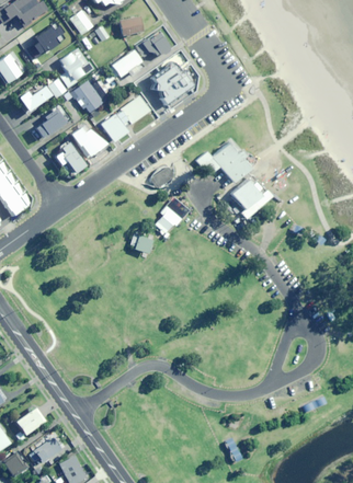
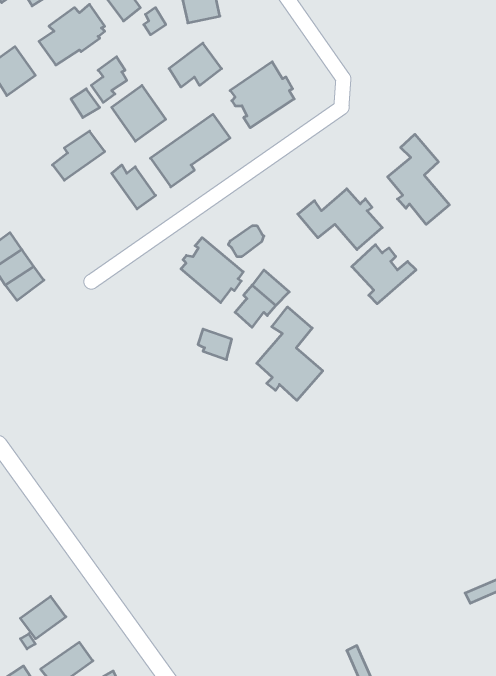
building: [136,32,171,57] -> none
building: [19,85,52,112] -> none
building: none -> [388,134,449,224]
building: [57,141,86,176] -> none
building: none -> [181,238,243,303]
building: none -> [257,307,323,400]

